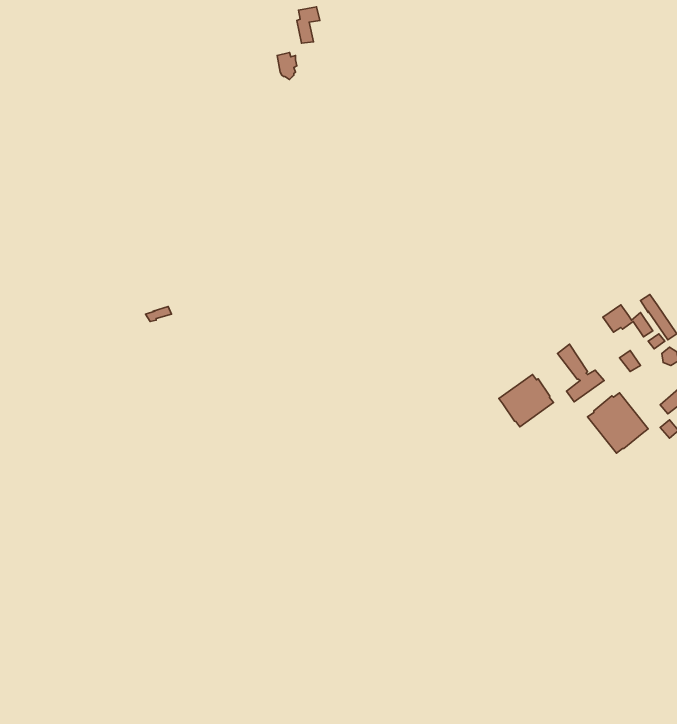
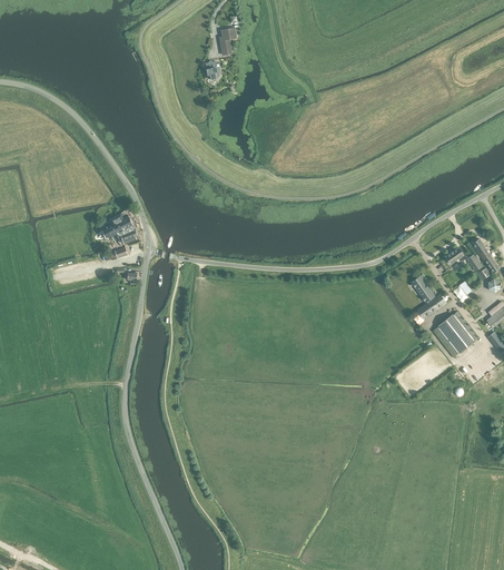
building: none -> [101,213,137,243]
building: [499,374,553,427] -> none

